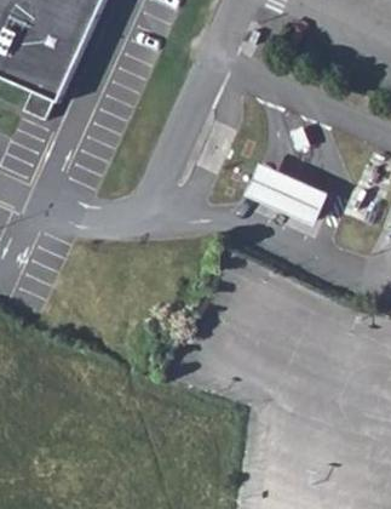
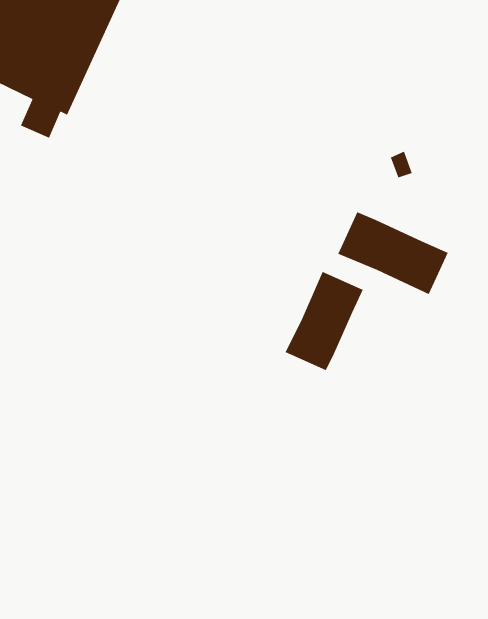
building: none -> [285,271,364,371]

